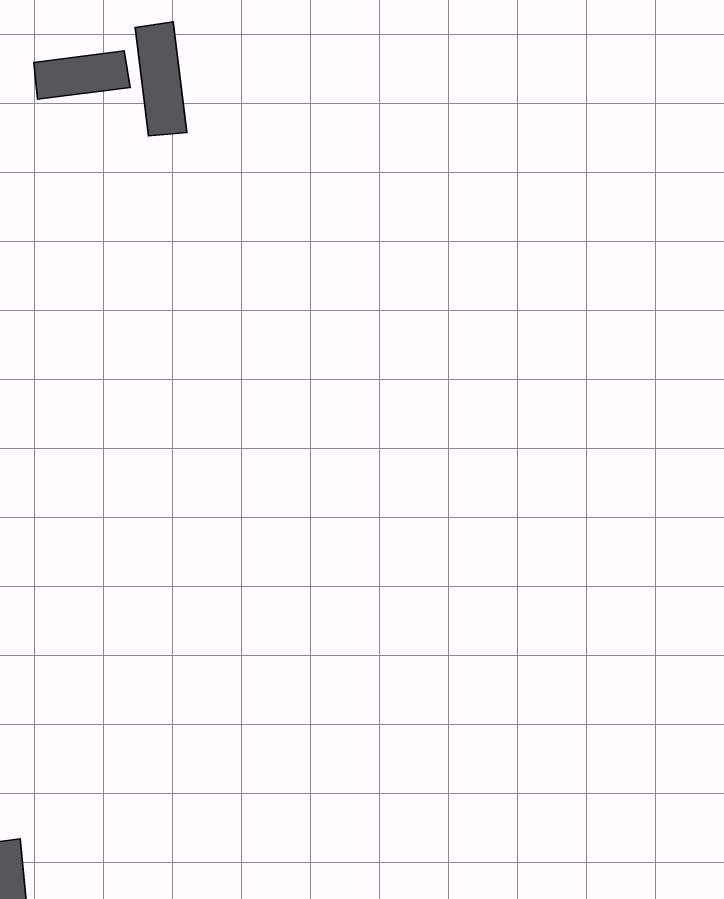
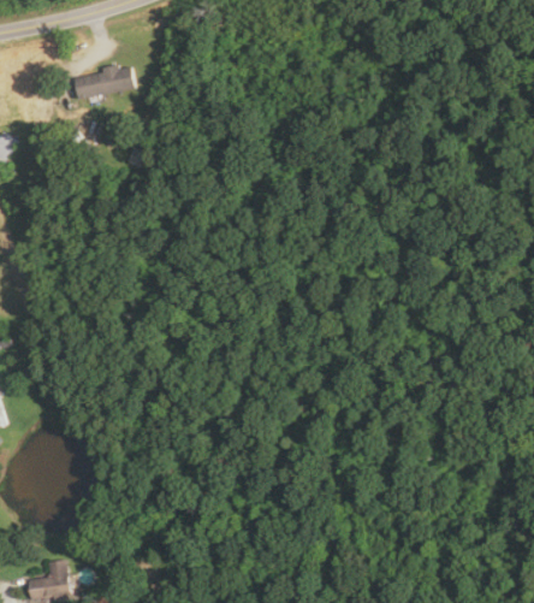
building: [135,22,187,136] -> none

